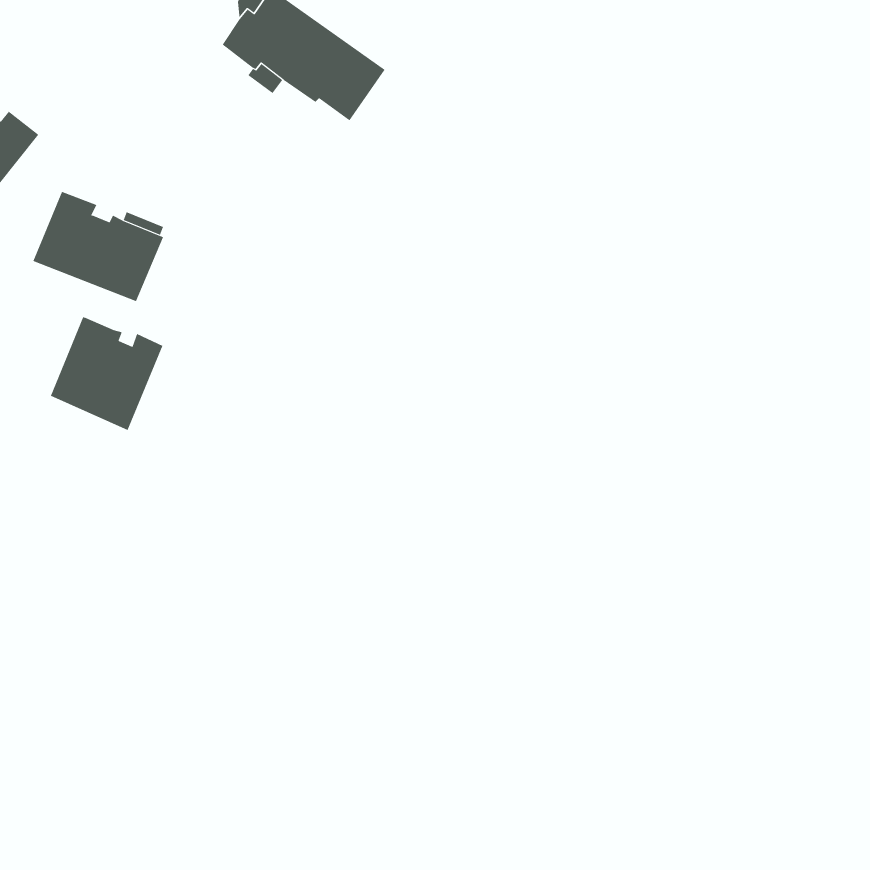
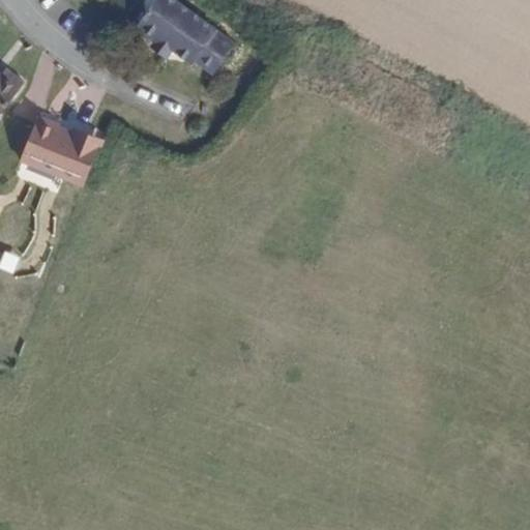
building: [50,317,163,431] -> none

